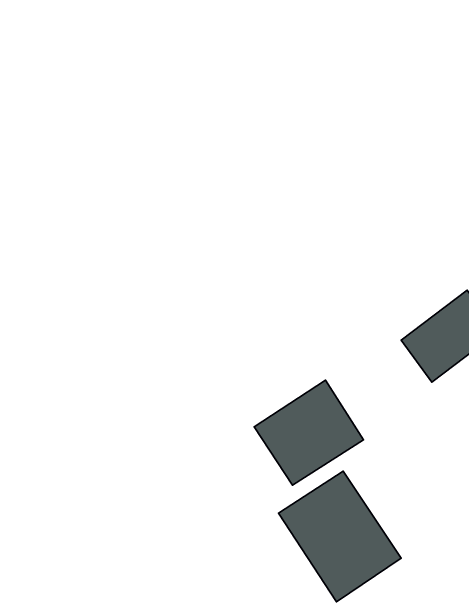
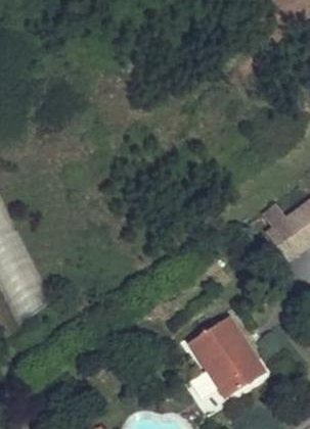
building: [254,380,364,485] -> none

